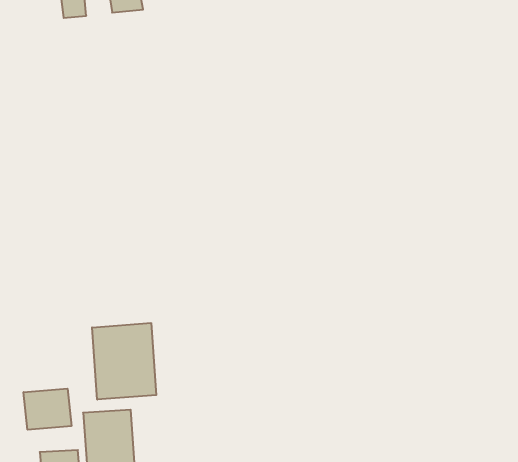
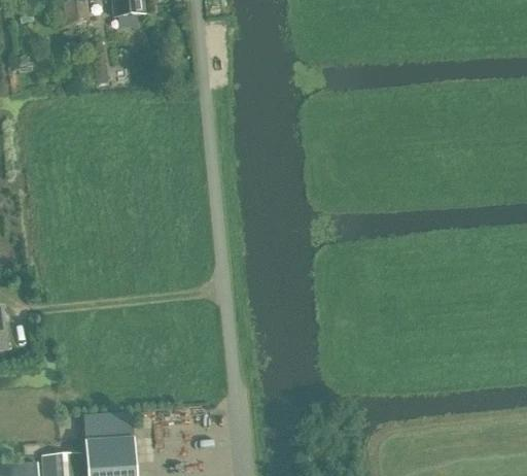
building: [92,323,156,400] -> none
building: [24,389,71,430] -> none

